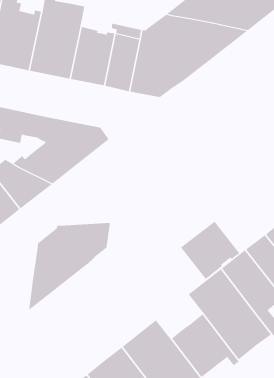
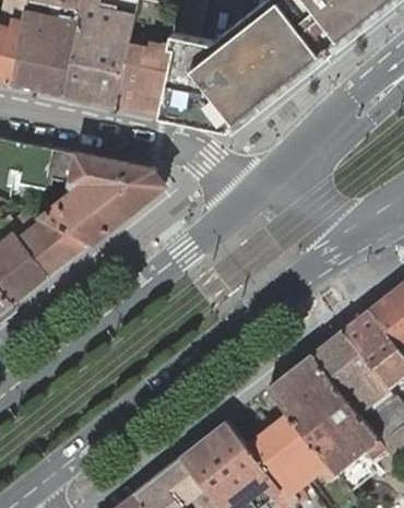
building: [180,221,240,280] -> none
building: [28,222,111,311] -> none

